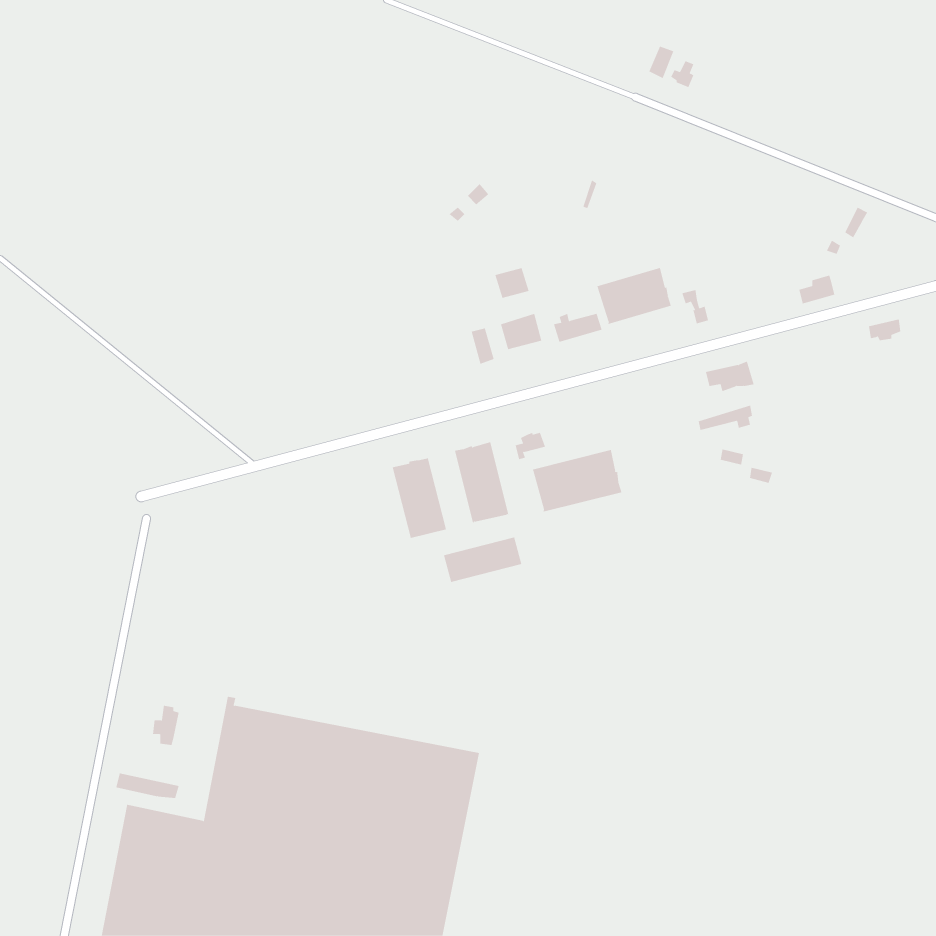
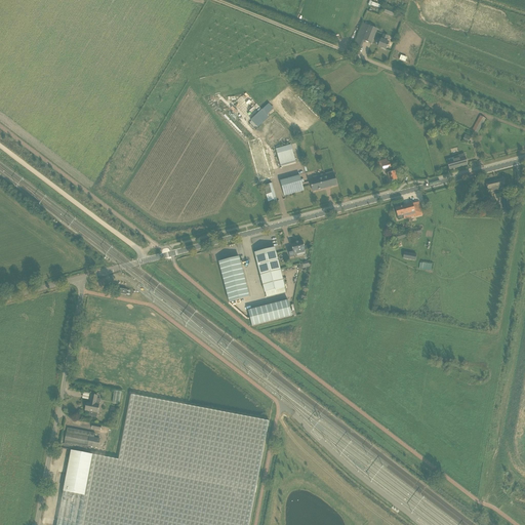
building: [596,267,672,325] -> none
building: [532,449,622,513] -> none

